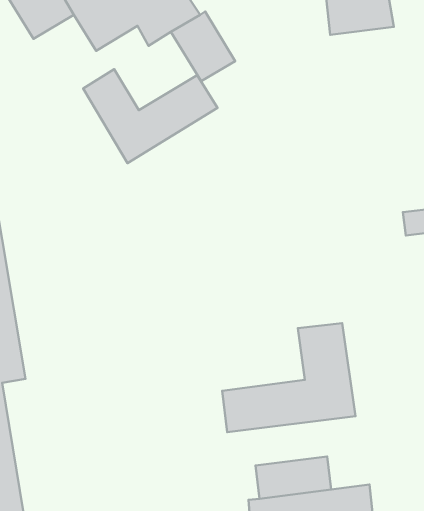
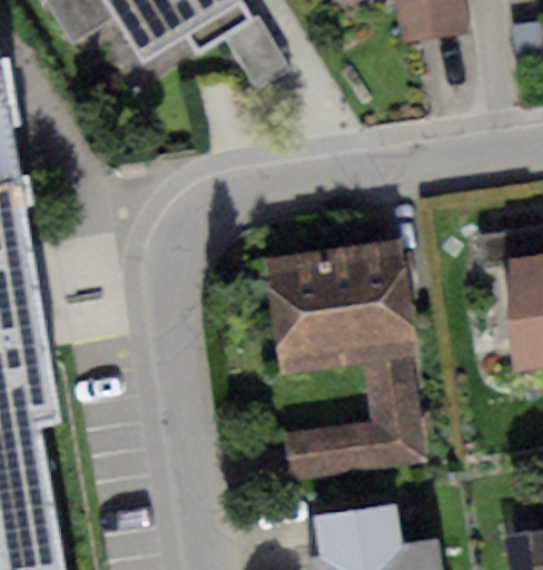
building: [83,69,218,163] -> none
building: none -> [266,240,416,376]

